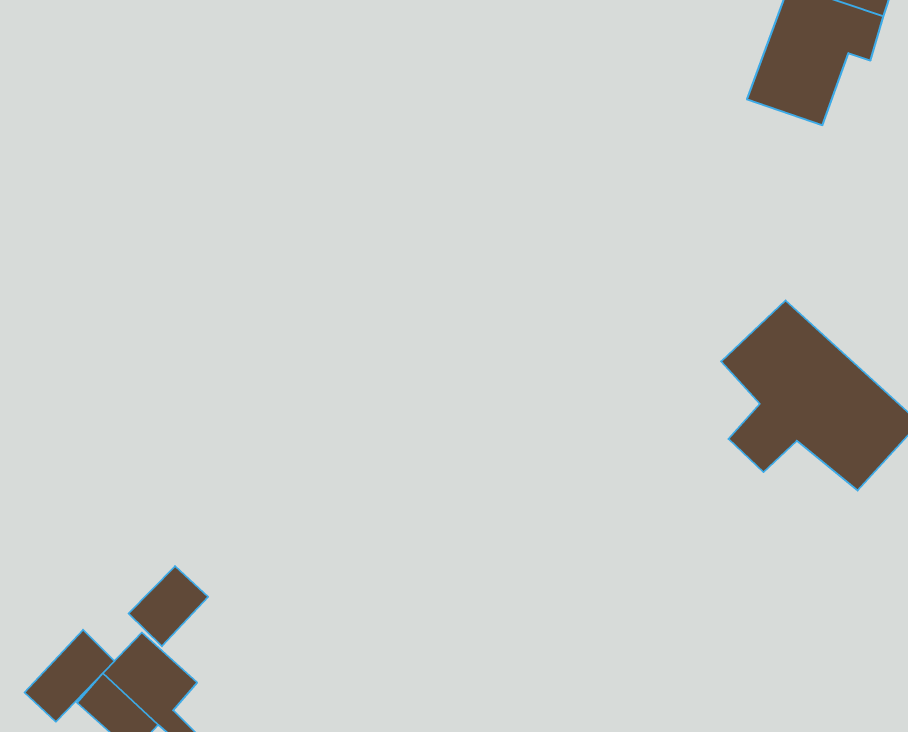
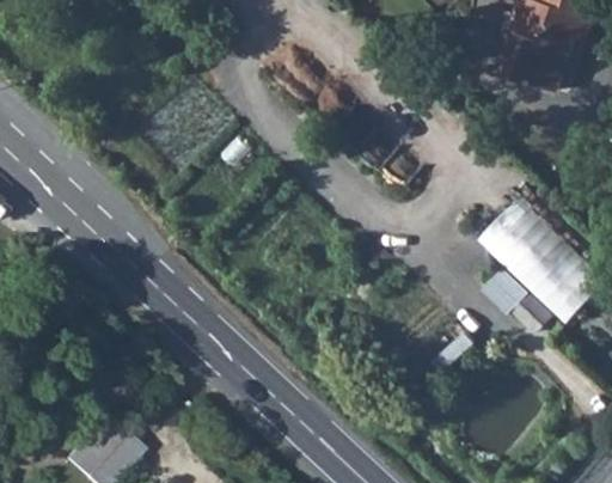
building: [129,566,208,646] -> none
building: [25,630,115,722] -> none

